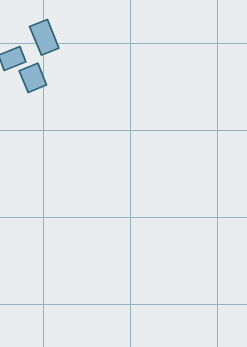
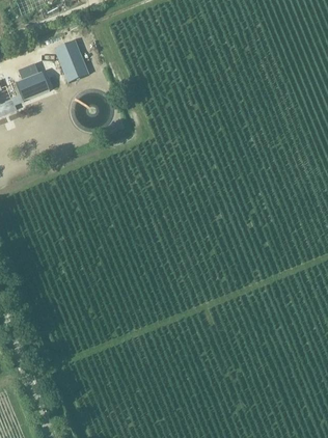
building: [19,63,46,93] -> none

